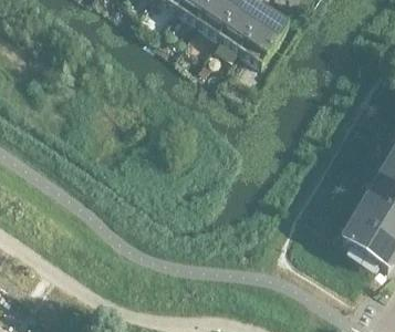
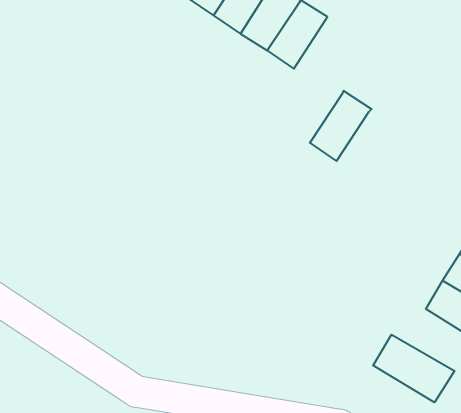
building: [238,13,287,69] -> [310,91,372,161]
building: none -> [373,335,454,402]

